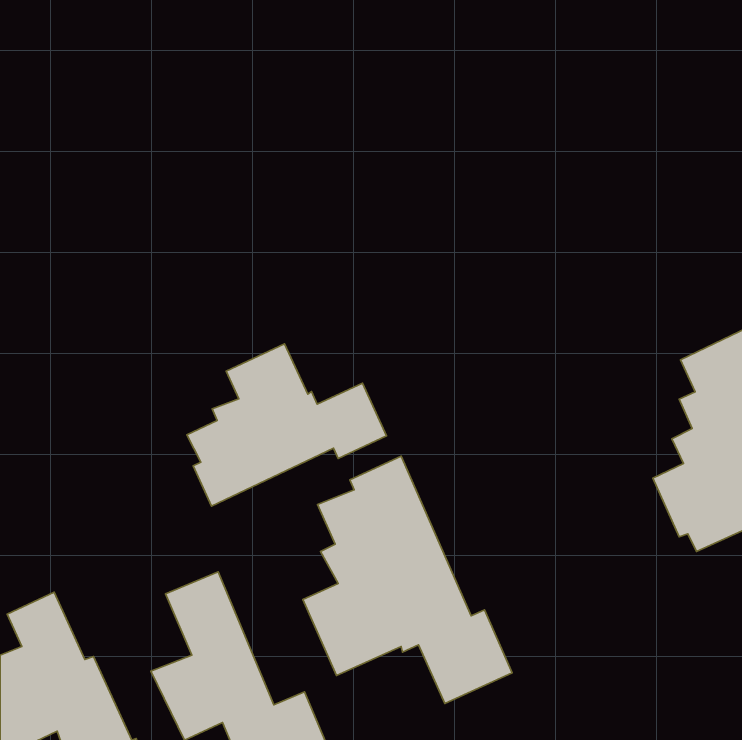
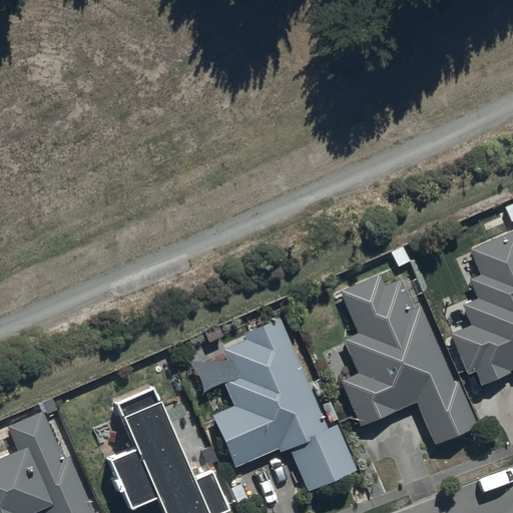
building: [187,344,386,506] -> none
building: none -> [341,274,476,441]

